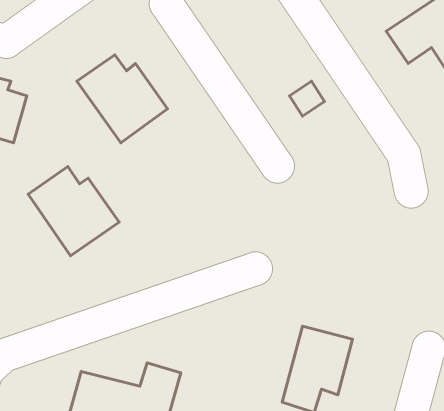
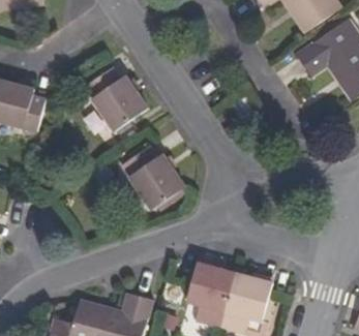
building: [28,166,119,256] -> [117,150,181,213]
building: none -> [193,254,238,317]

